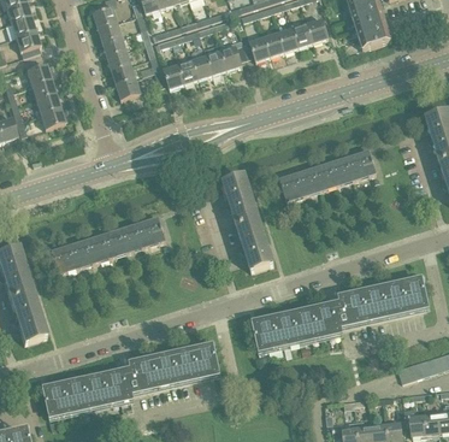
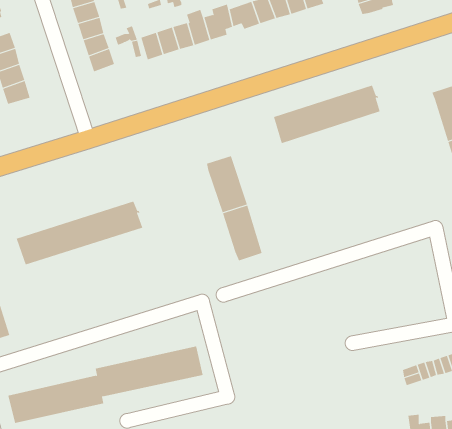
building: [279,147,376,200] -> [273,85,380,144]
building: [253,278,429,348] -> none

